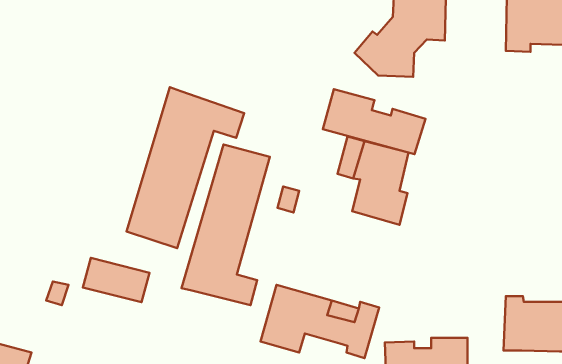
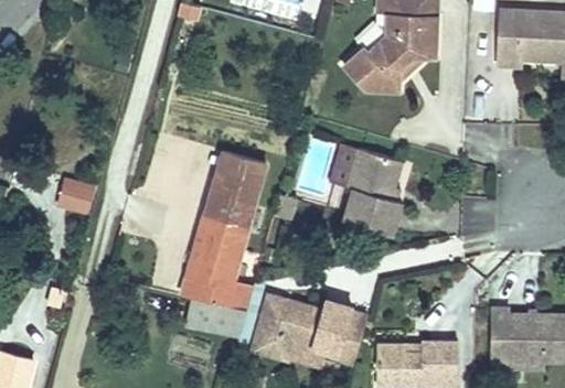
building: [127,87,244,248] -> none
building: [323,89,425,154] -> none
building: none -> [55,174,96,214]
building: [83,258,149,302] -> [181,298,246,341]

